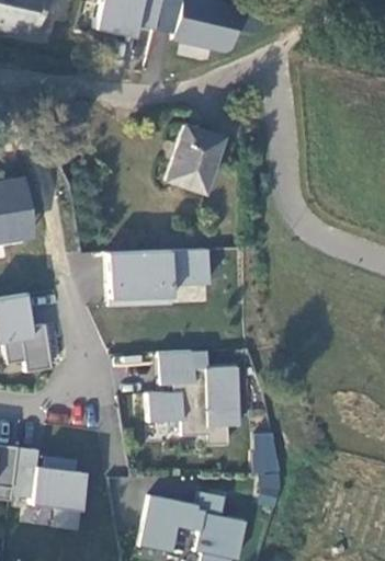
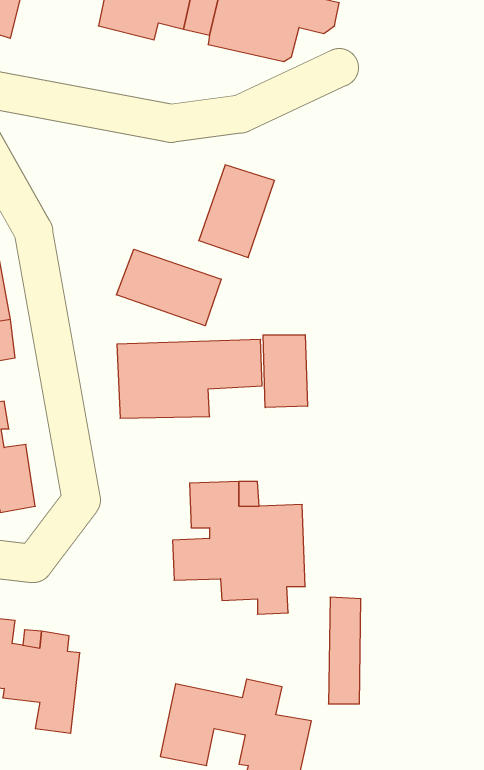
building: none -> [116,249,221,326]
building: none -> [263,335,308,408]

